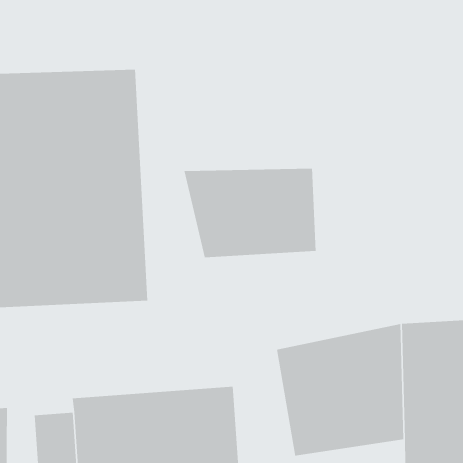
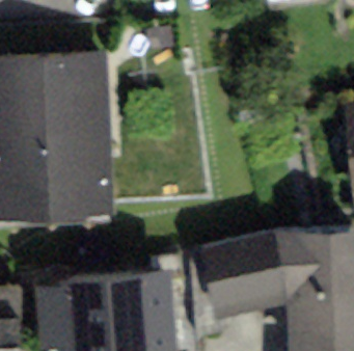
building: [184,168,316,258] -> none

